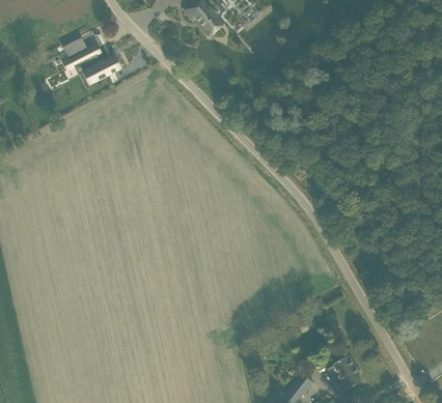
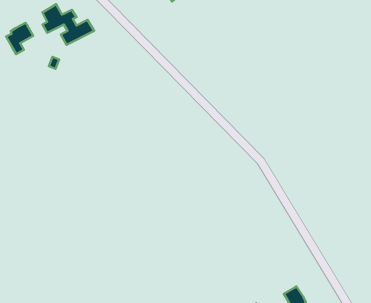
building: none -> [6,23,33,54]

